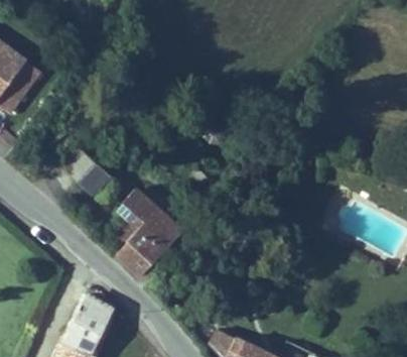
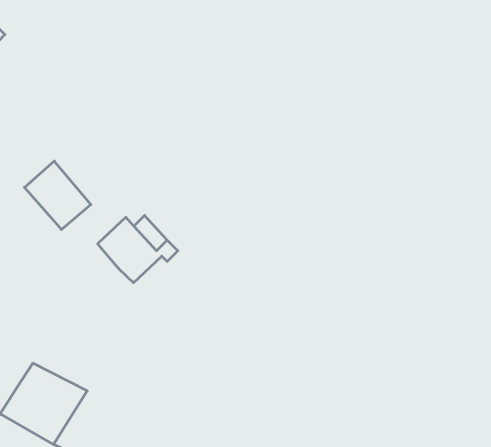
building: [105,211,175,288] -> none

